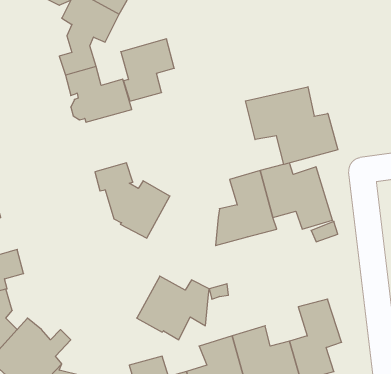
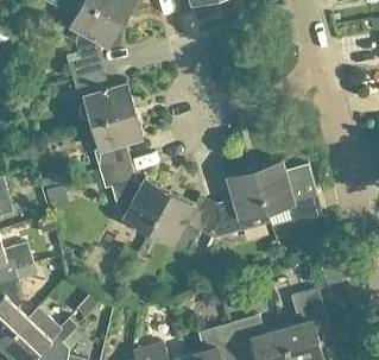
building: [121,39,174,101] -> [91,112,141,170]
building: [245,87,338,164] -> none
building: [137,276,209,340] -> [149,192,216,252]

